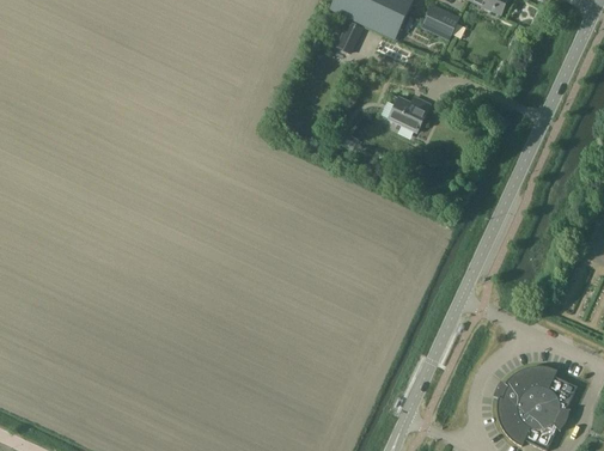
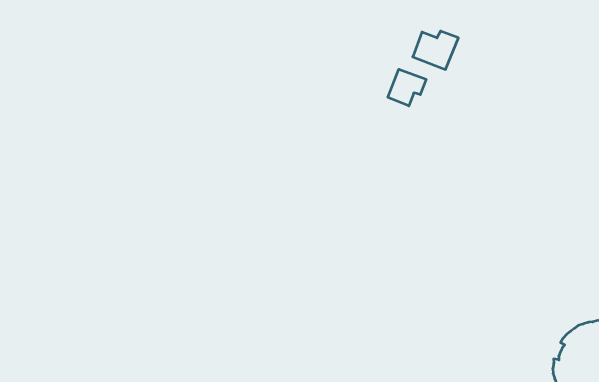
building: none -> [388,69,426,106]

